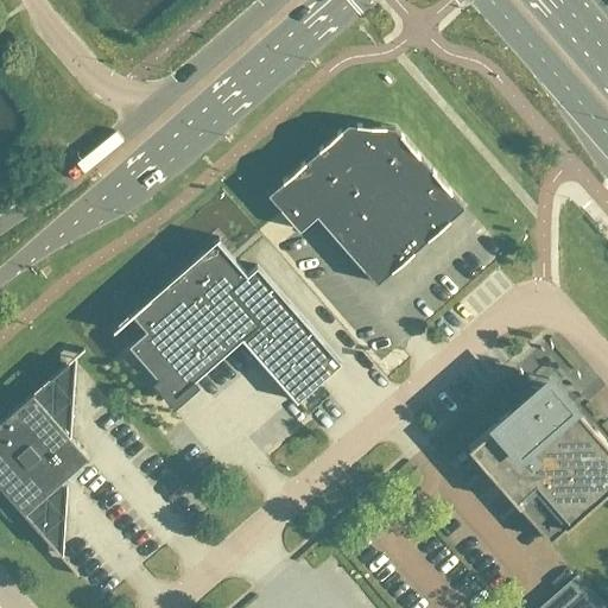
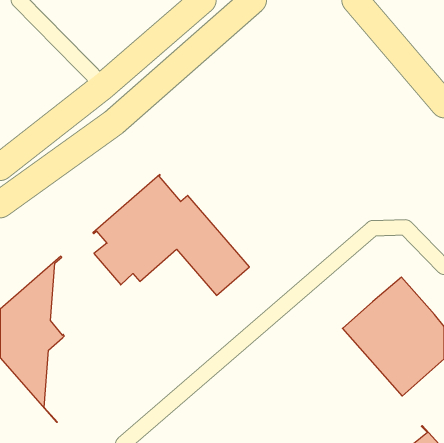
building: [267,127,464,286] -> none

